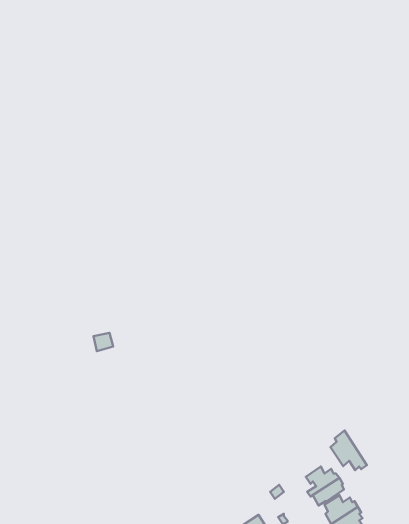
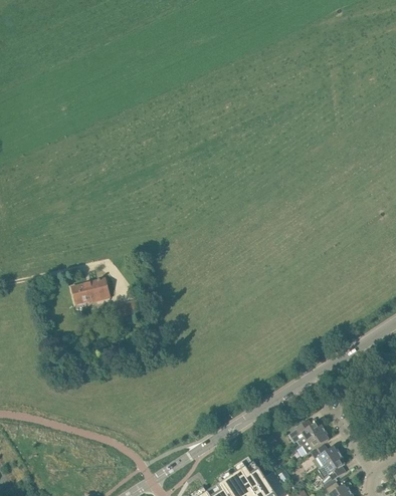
building: none -> [72,279,110,304]
building: [331,431,367,470] -> none

